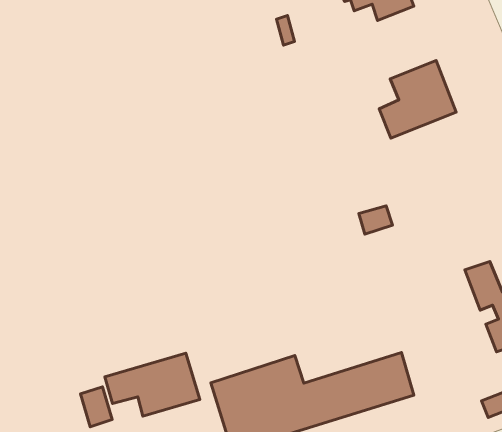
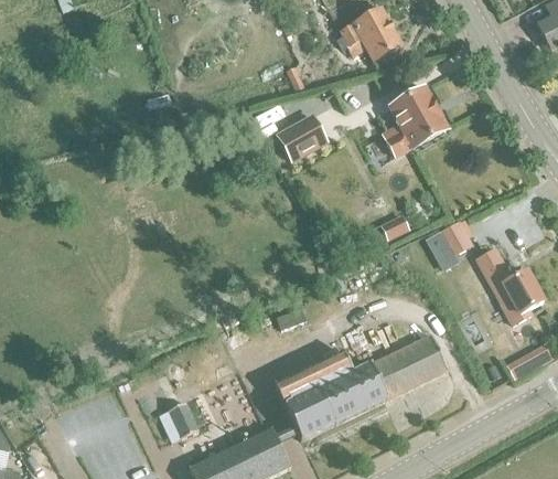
building: none -> [276,114,329,162]
building: none -> [439,221,473,256]
building: [105,353,200,416] -> none

